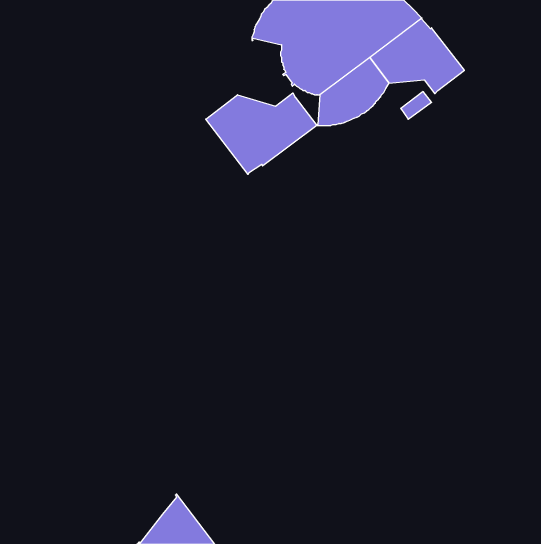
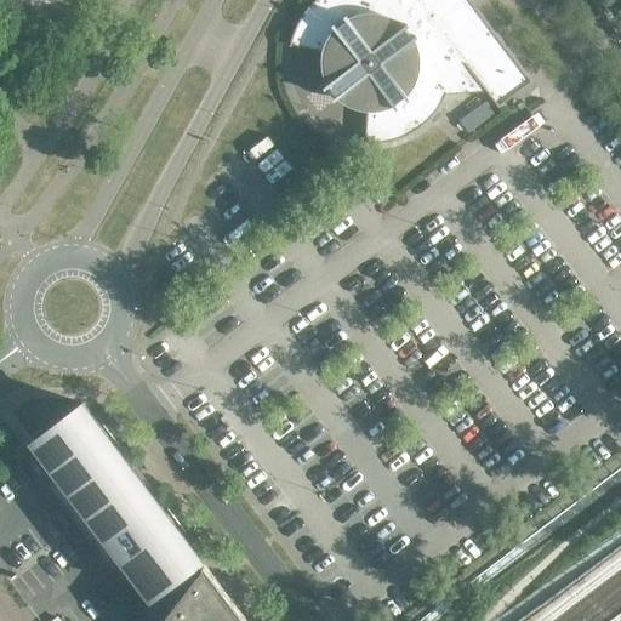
building: [206,93,317,174] -> none
building: none -> [32,403,198,594]

